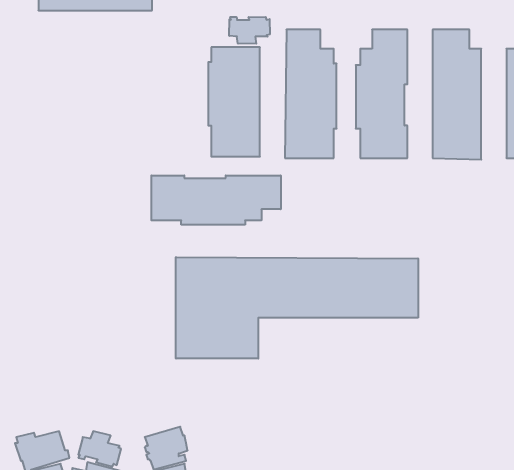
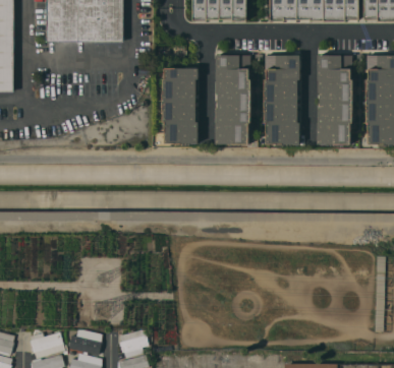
building: [229,17,270,44] -> none
building: [151,175,281,225] -> none
building: [176,257,418,359] -> none

